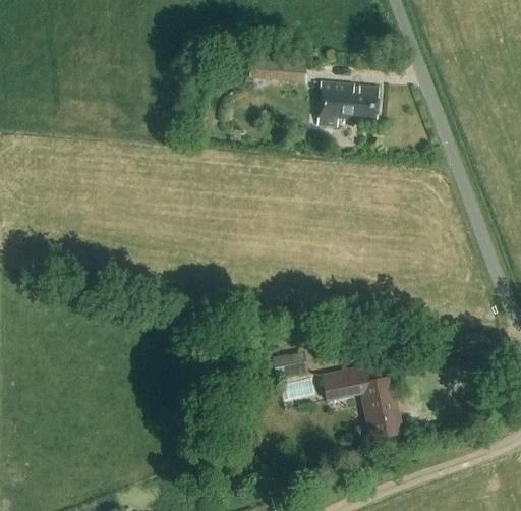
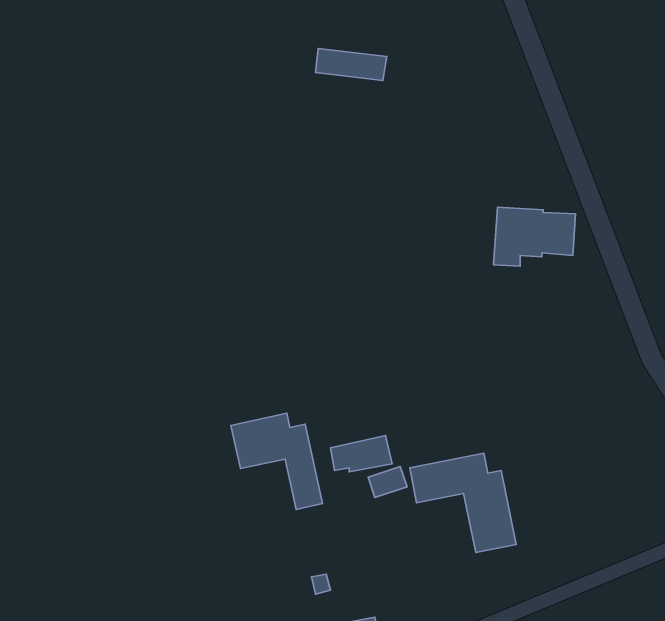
building: [316,80,379,125] -> [493,207,575,266]
building: none -> [231,413,322,510]

